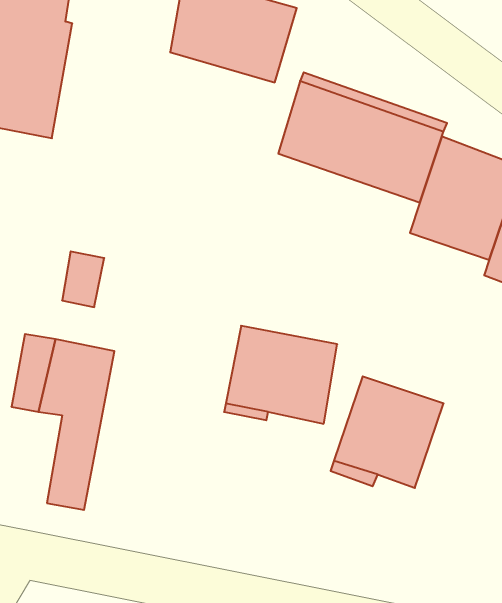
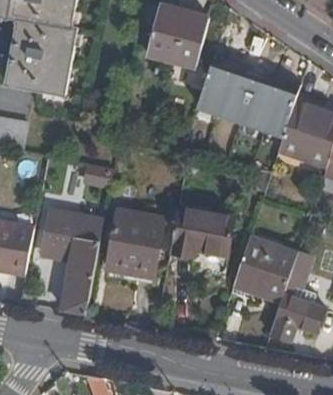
building: none -> [107,209,163,276]
building: none -> [269,287,326,340]

